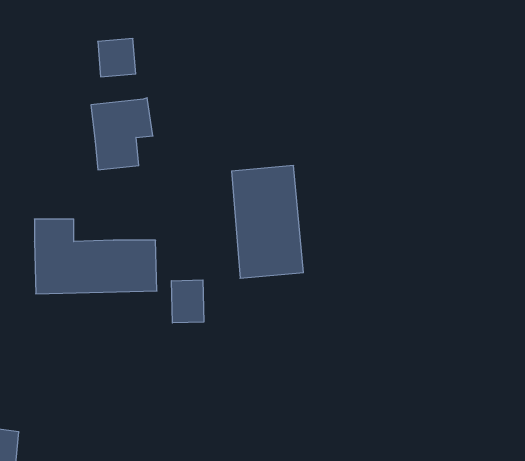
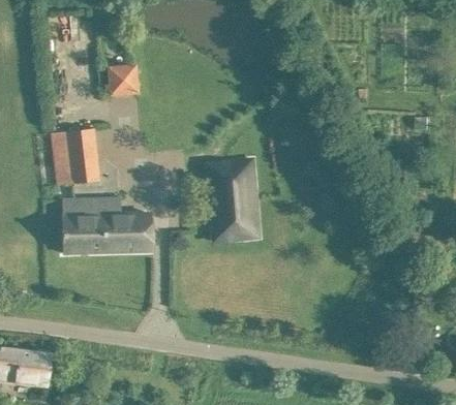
building: [91,98,153,170] -> [53,131,98,184]
building: [171,280,204,323] -> none

